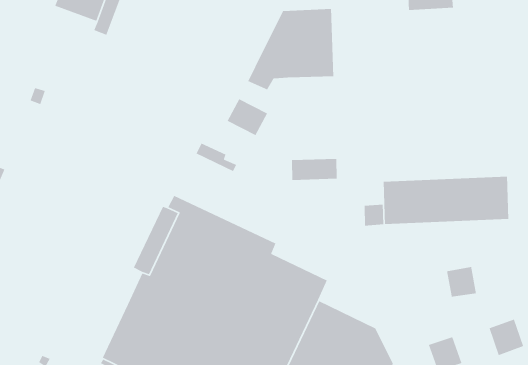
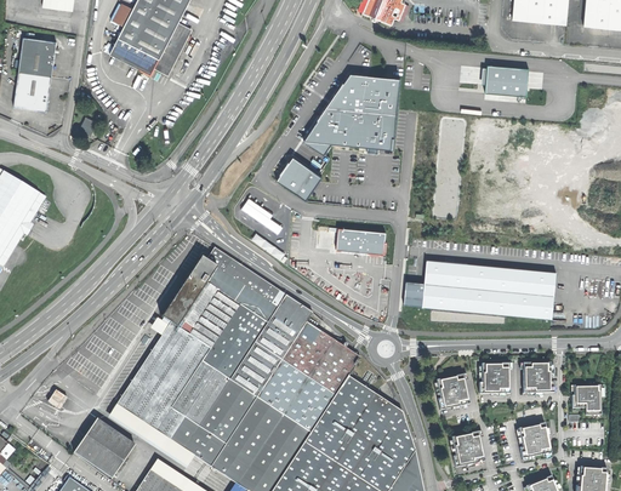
building: none -> [108,38,158,75]
building: none -> [522,361,553,392]
building: none -> [437,373,468,409]

